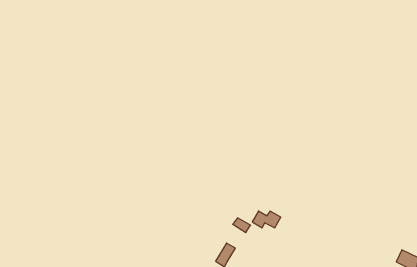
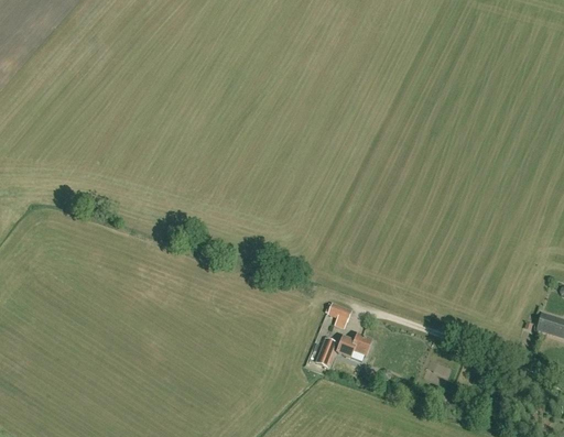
building: [252,211,281,228] -> [337,335,371,357]

